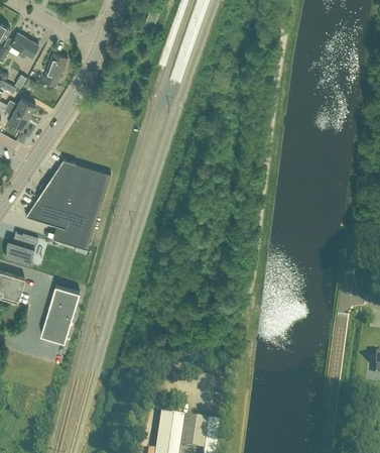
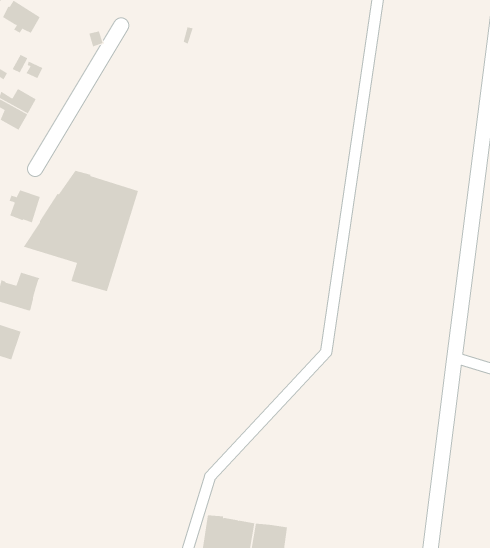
building: [44,52,68,85] -> none
building: none -> [9,189,40,223]
building: [41,284,80,340] -> none

